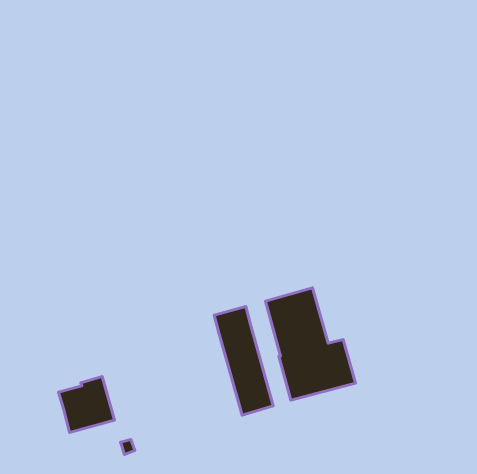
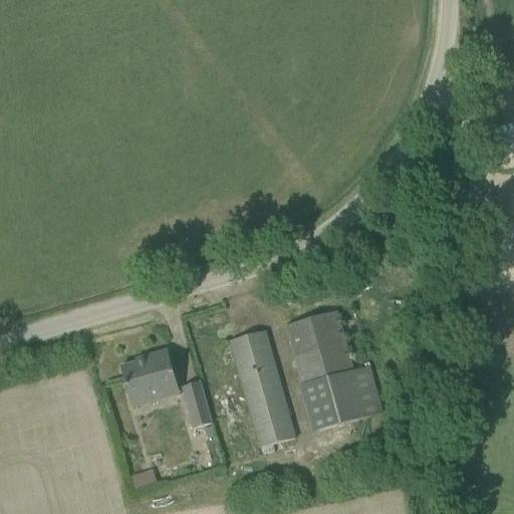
building: none -> [182,380,211,428]
building: [58,376,114,432] -> [119,347,180,408]

